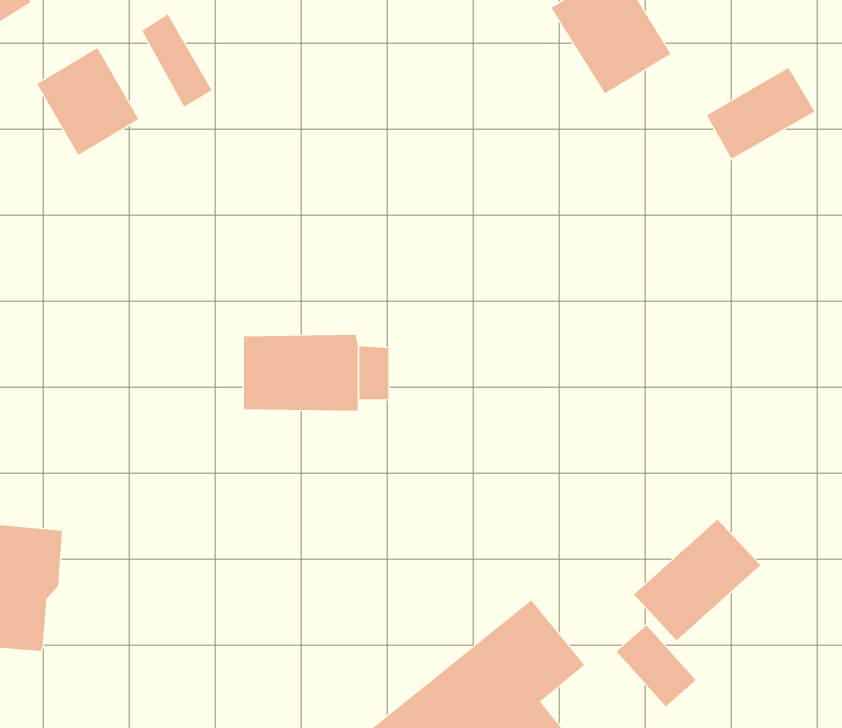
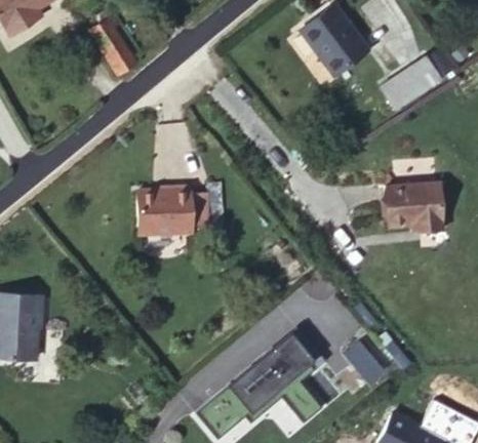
building: [36,47,139,156] -> none
building: none -> [383,184,438,233]
building: [633,519,761,641] -> none

